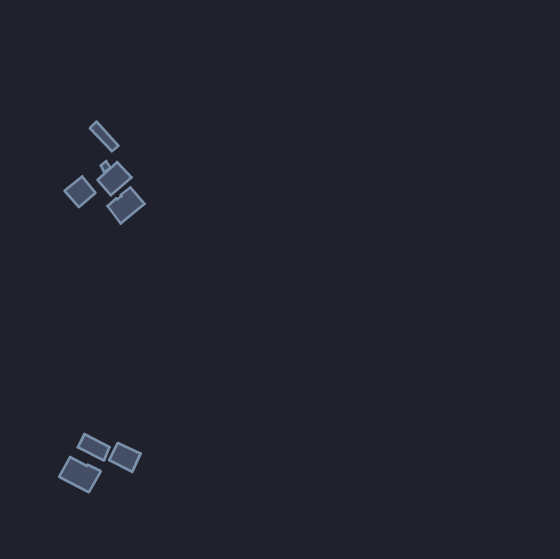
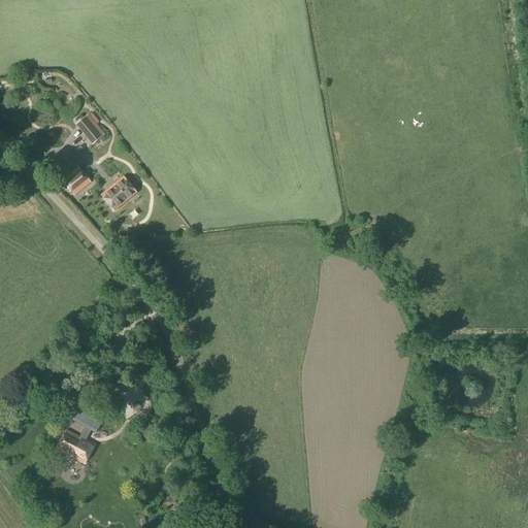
building: [98,162,132,195] -> none
building: [109,443,141,472] -> none

